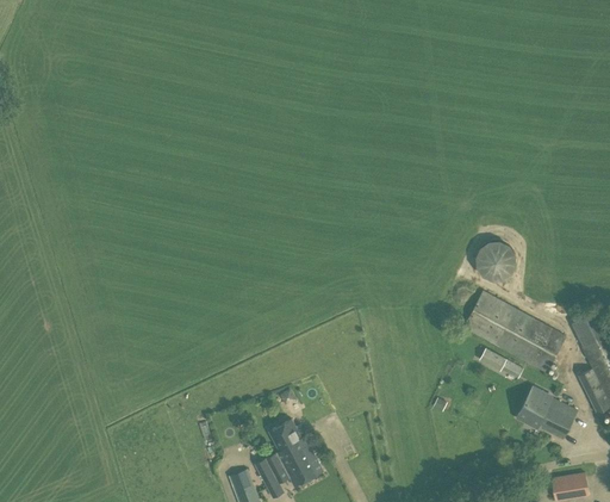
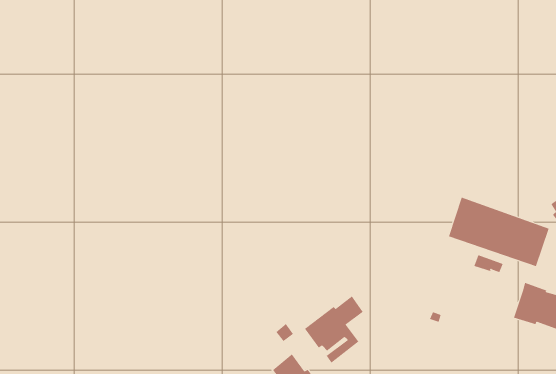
building: [475,240,517,280] -> none
building: none -> [304,295,363,363]

